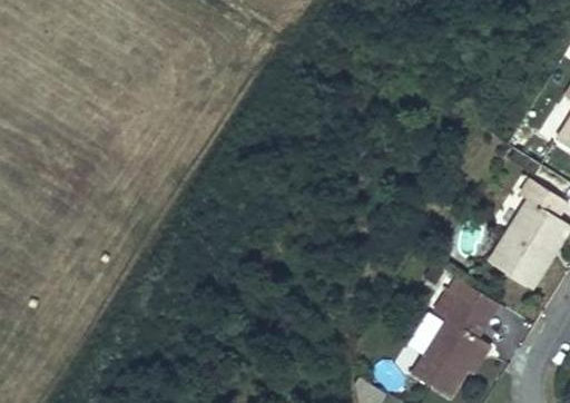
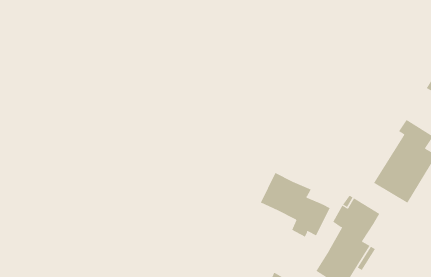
building: none -> [260,172,330,237]

